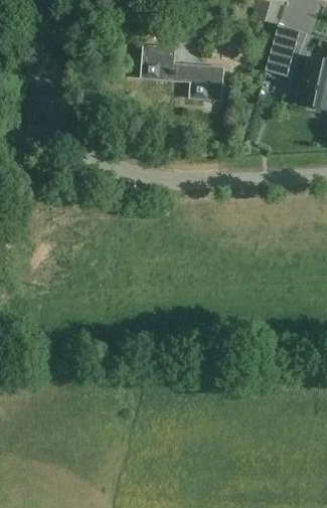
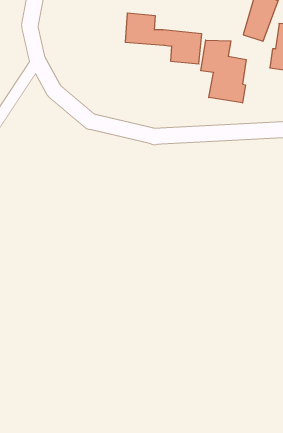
building: none -> [201,40,246,103]

